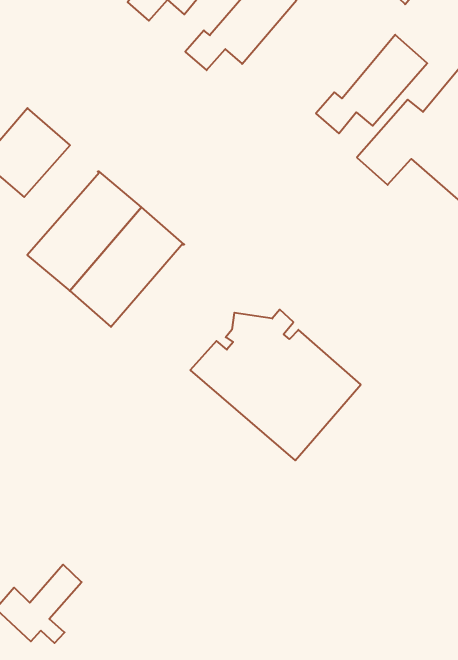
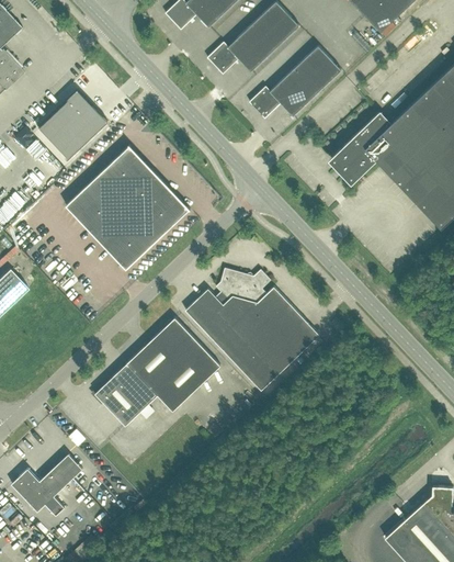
building: [316,35,427,133] -> [249,45,341,119]
building: none -> [92,317,220,426]

